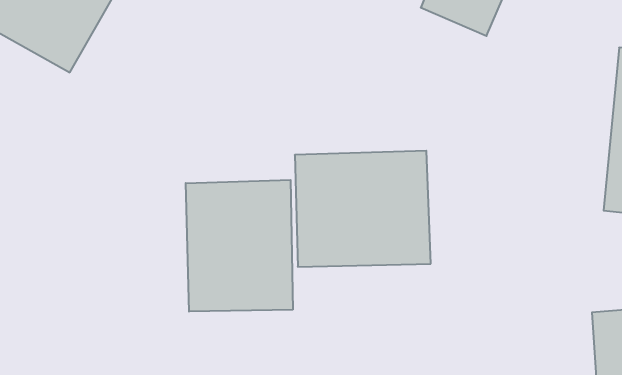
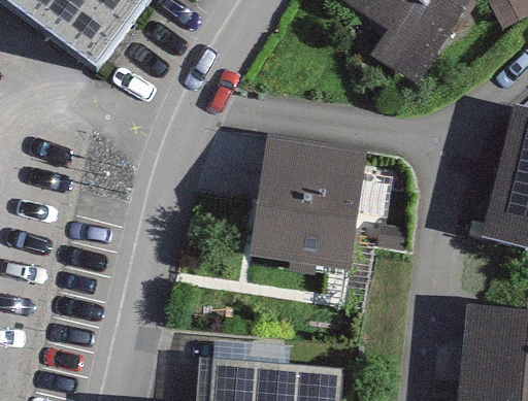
building: [186,180,293,312] -> none

